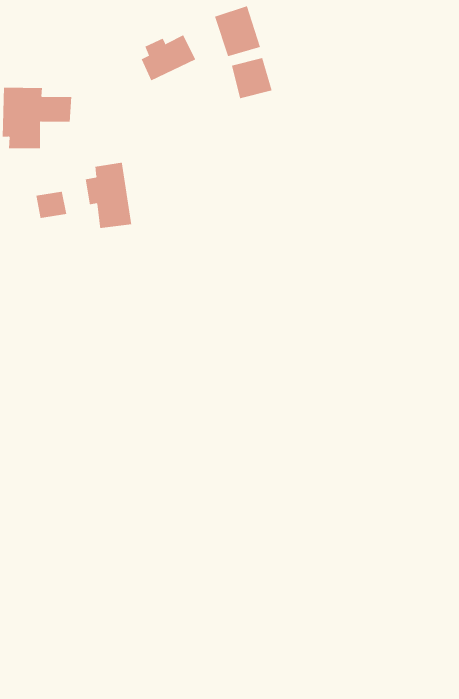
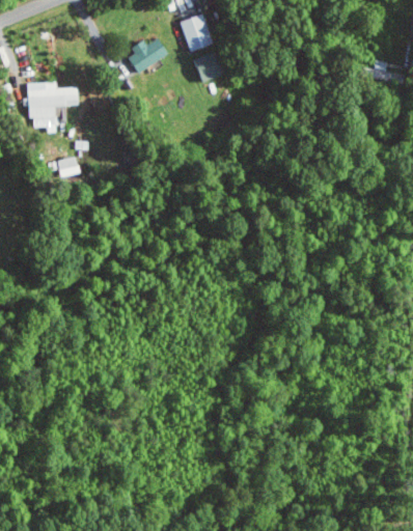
building: [85,162,132,229] -> none

